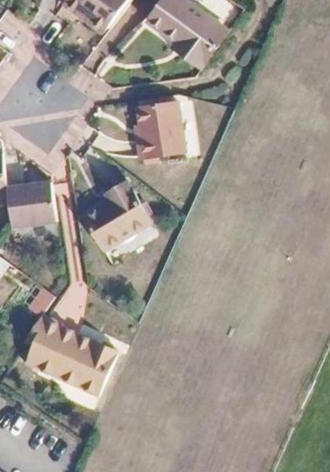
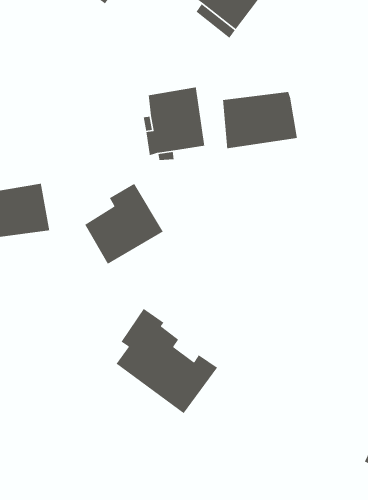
building: none -> [222,91,298,149]
building: [29,299,113,386] -> [116,308,218,414]

